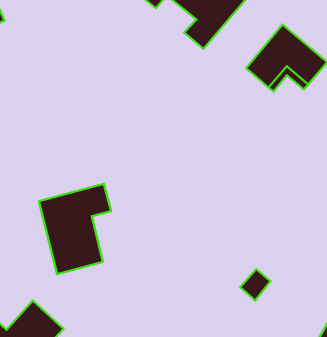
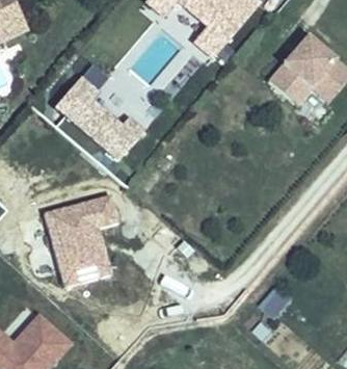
building: none -> [58,81,144,162]

